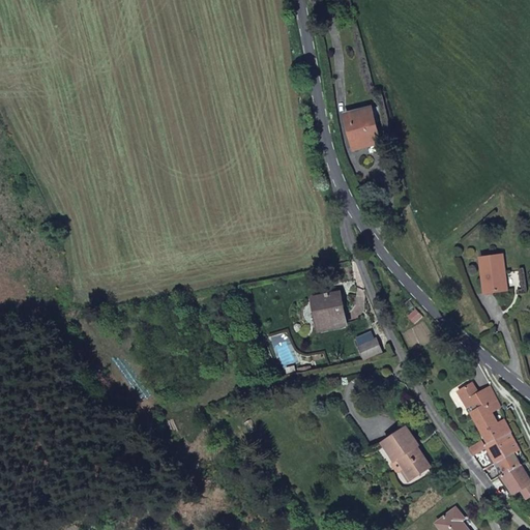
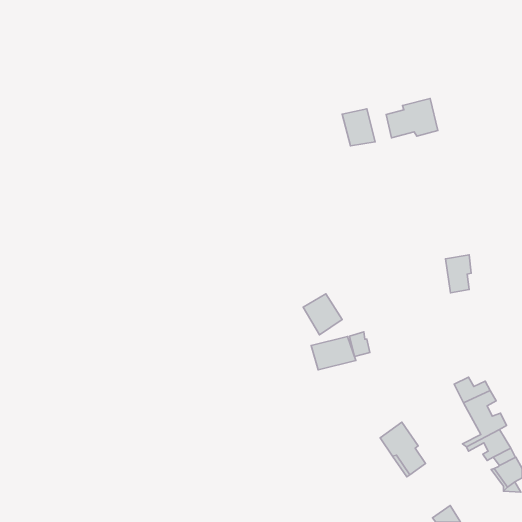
building: none -> [386,99,438,138]
building: [480,257,506,295] -> [445,255,471,293]
building: none -> [311,337,356,370]

